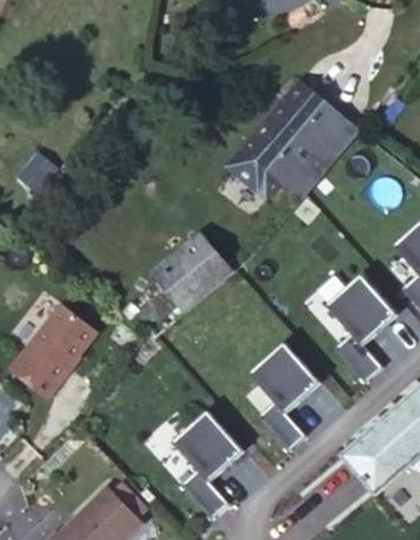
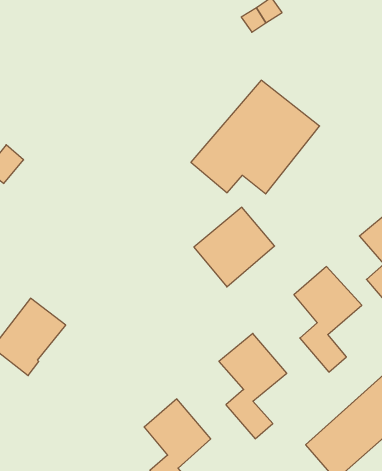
building: [148,235,231,316] -> [194,207,275,287]

